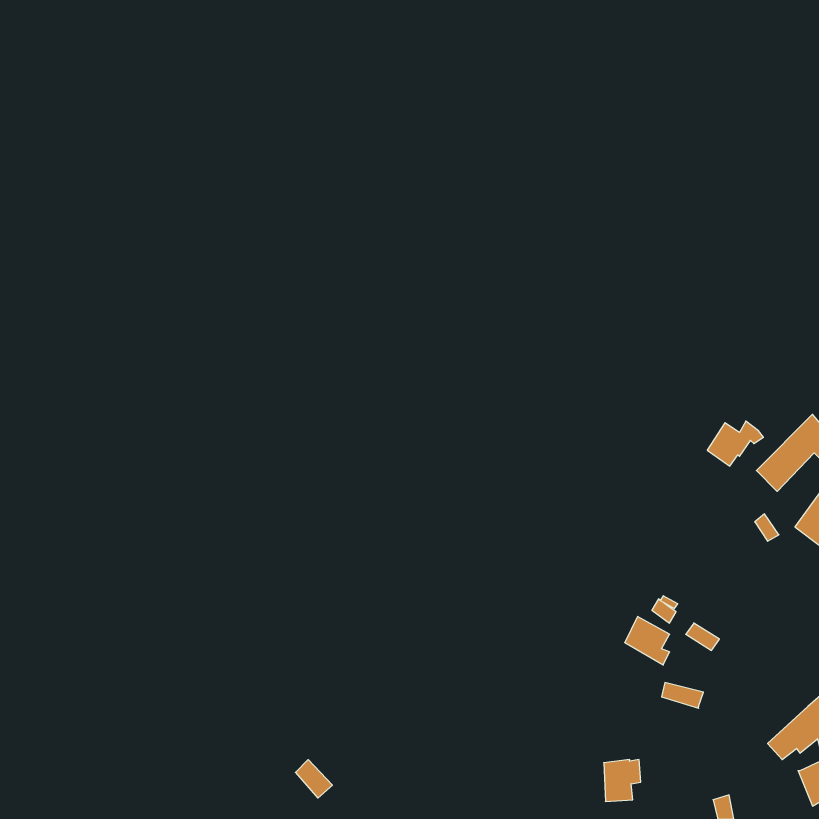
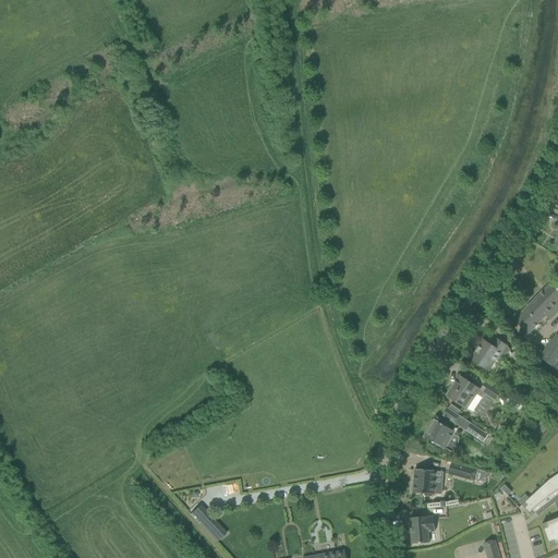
building: [707,421,763,466] -> [472,339,510,369]
building: none -> [447,376,502,413]
building: none -> [412,469,444,496]

